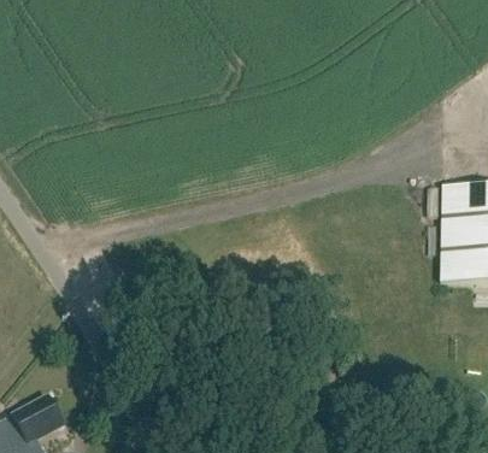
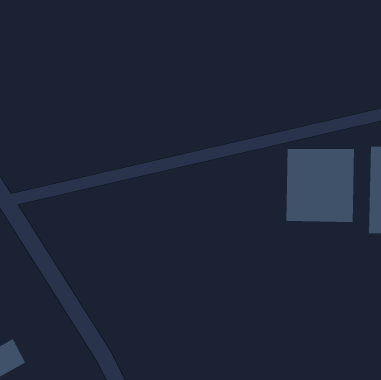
building: none -> [286,148,355,223]

